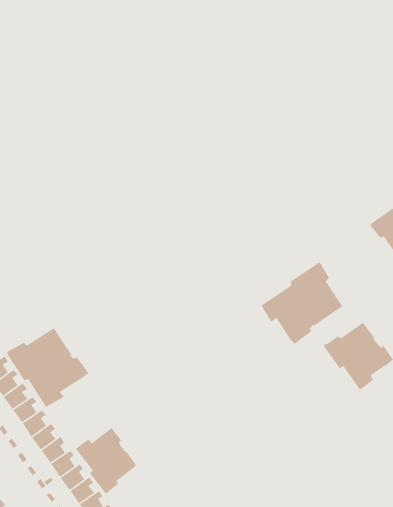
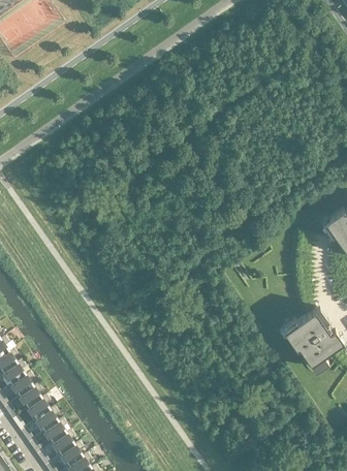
building: [260,261,343,345] -> none
building: [6,327,90,409] -> none
building: [75,427,137,495] -> none

